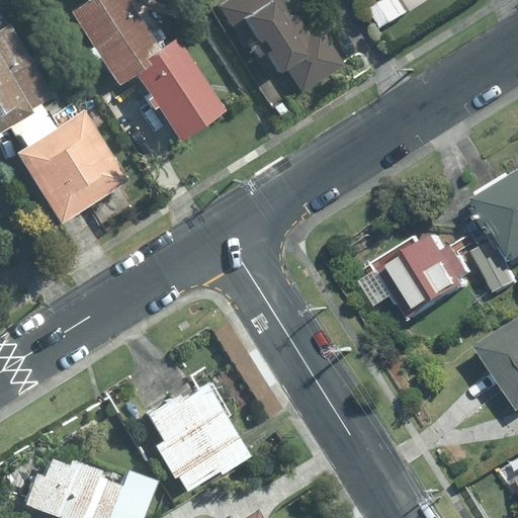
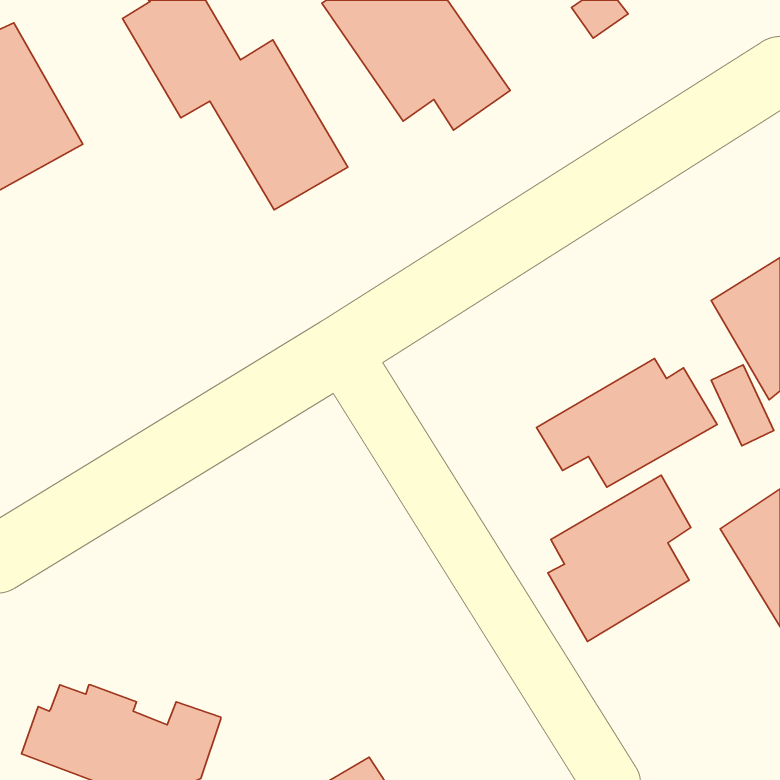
building: [18,112,127,223] -> none
building: none -> [548,475,691,641]
building: [142,373,249,489] -> none

